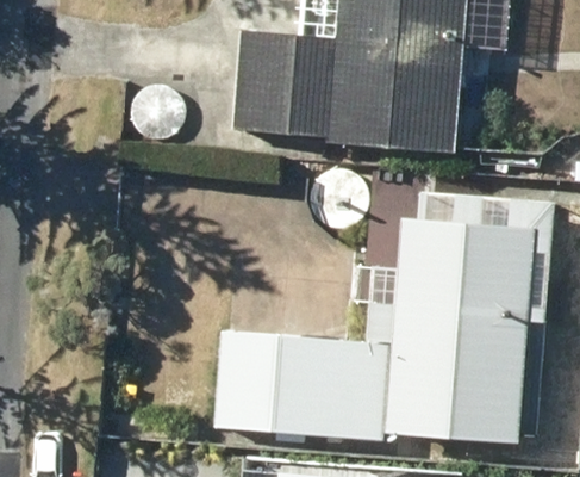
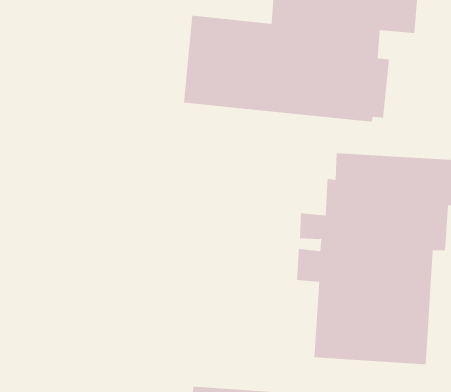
building: [213,329,393,446] -> none

